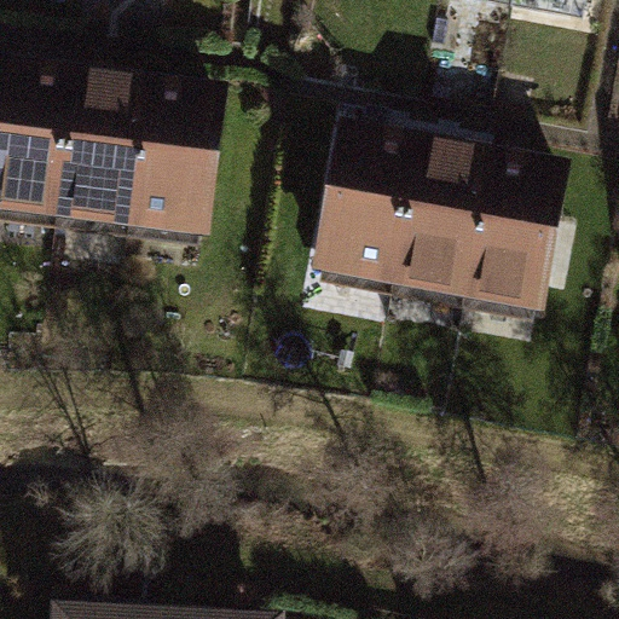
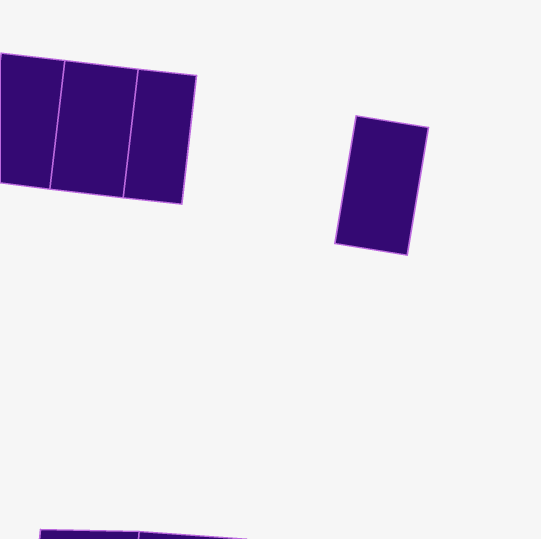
building: [311,125,407,282] -> none
building: [465,150,555,305] -> none

